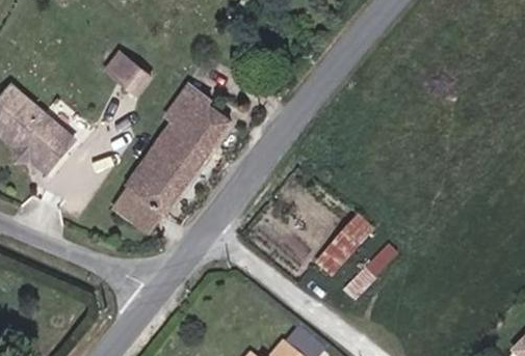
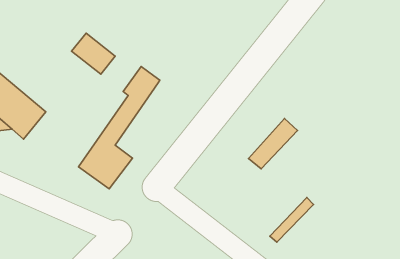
building: [156,104,231,195] -> none
building: [314,213,373,274] -> [248,118,297,169]

